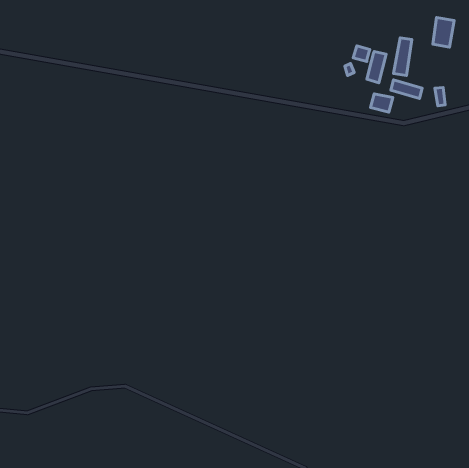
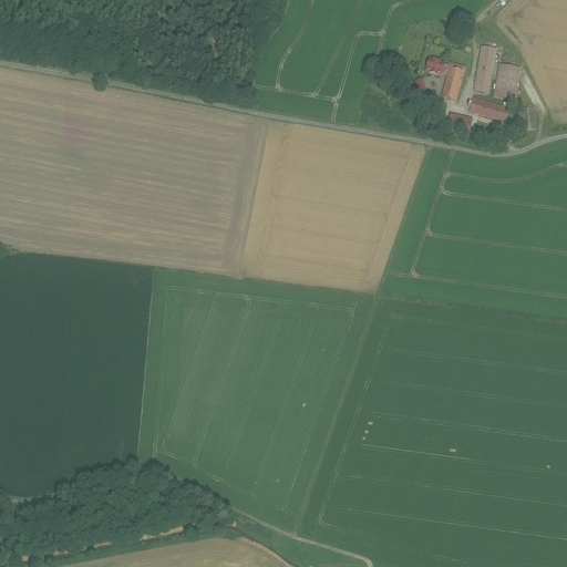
building: [433,18,454,47] -> [494,63,519,99]

